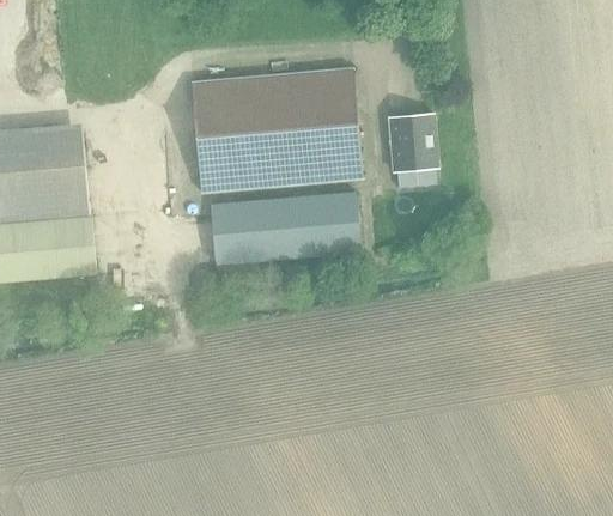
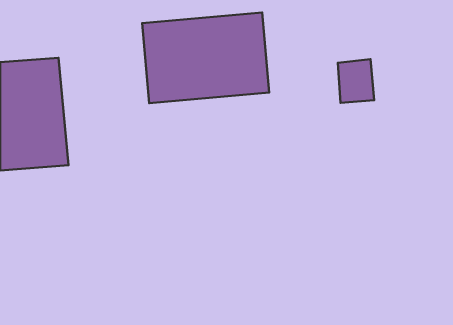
building: [389,113,438,171] -> [338,59,374,103]
building: [211,192,360,263] -> none

